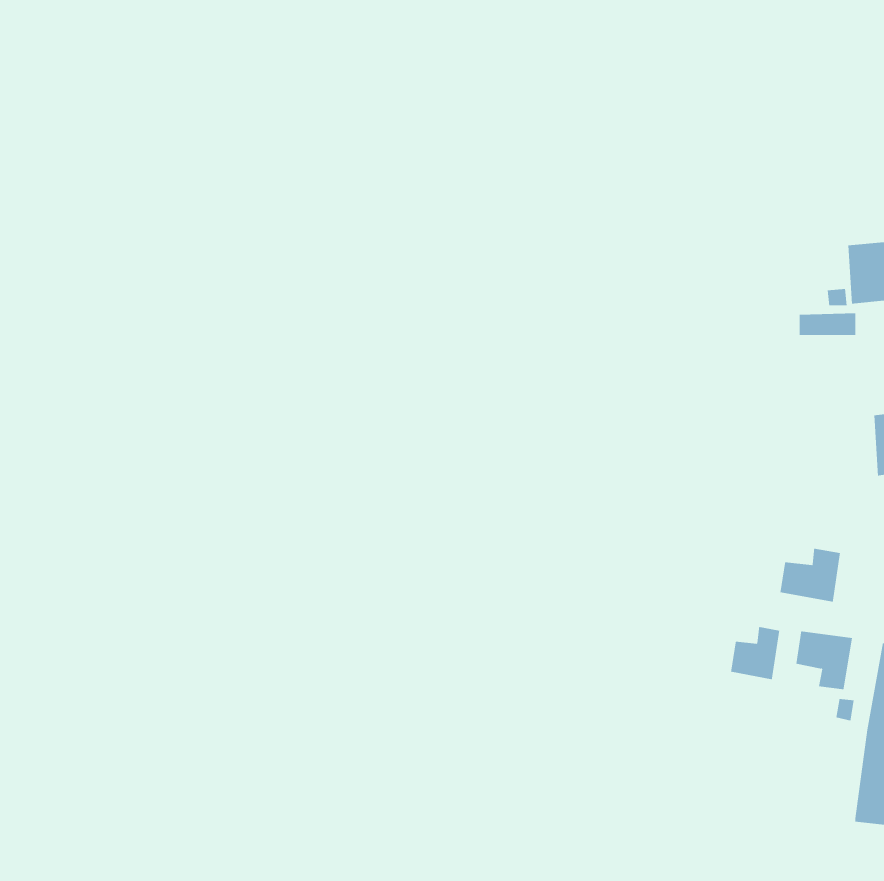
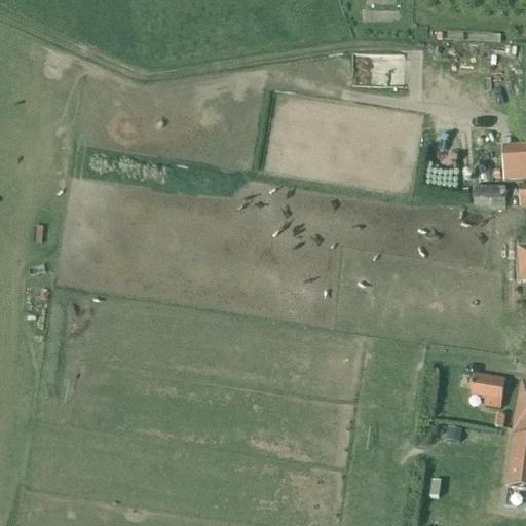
building: [780,548,841,602] -> none
building: [730,626,780,680] -> none

